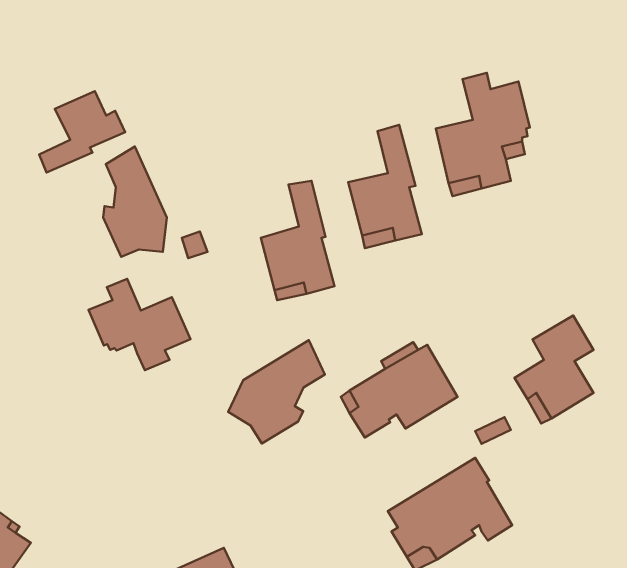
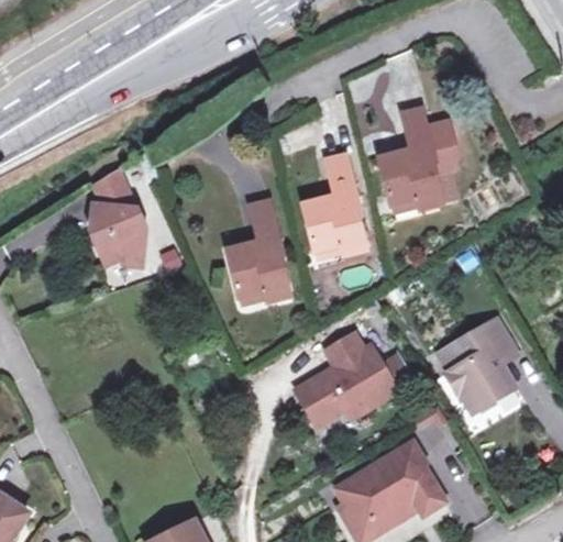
building: [39,91,125,172] -> none
building: [89,279,191,370] -> none
building: [228,340,325,444] -> none

